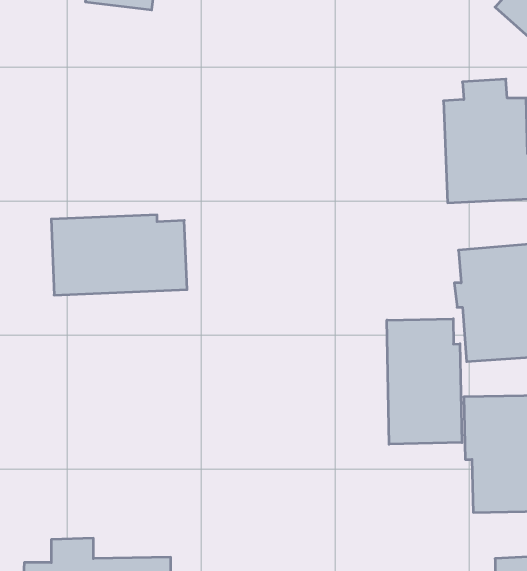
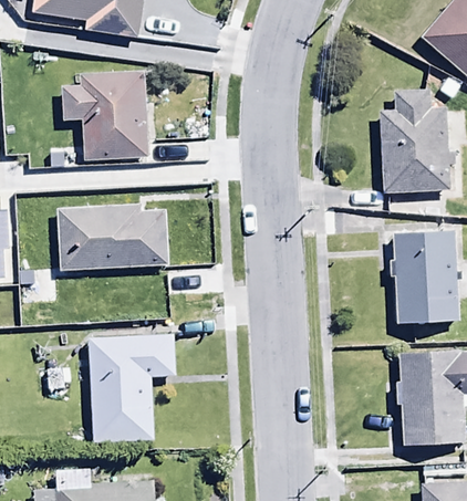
building: none -> [62,72,149,159]
building: [387,319,462,444] -> none
building: none -> [93,334,174,440]

